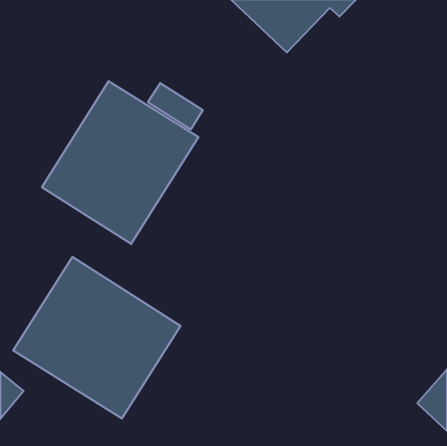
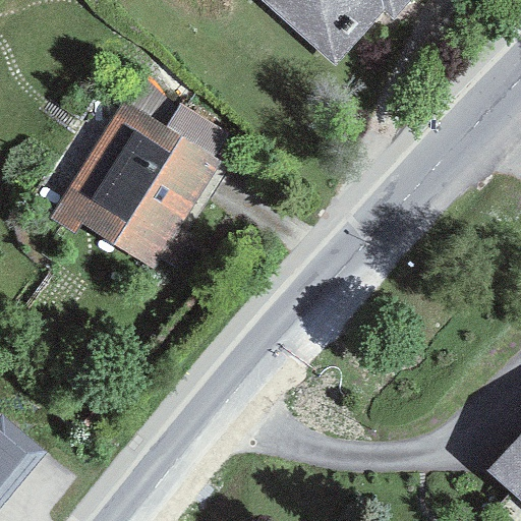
building: [13,257,181,419] -> none

